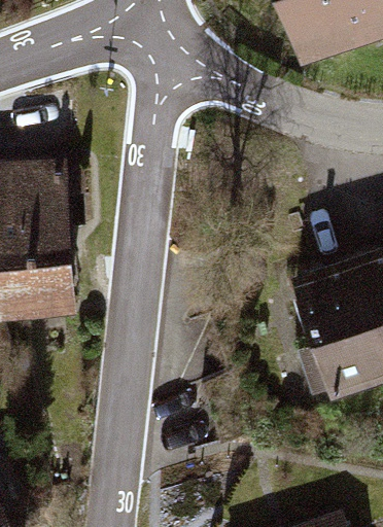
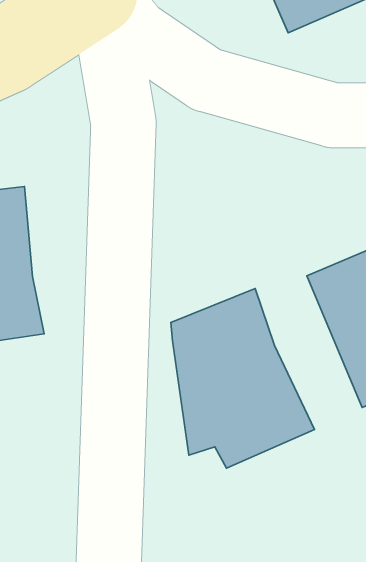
building: none -> [171,288,314,468]

